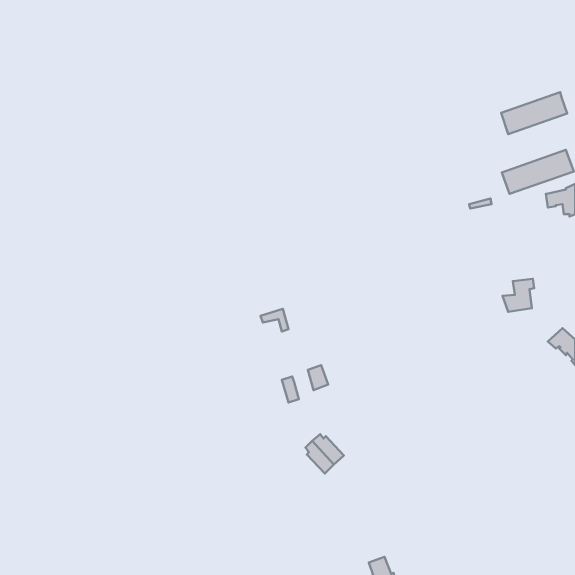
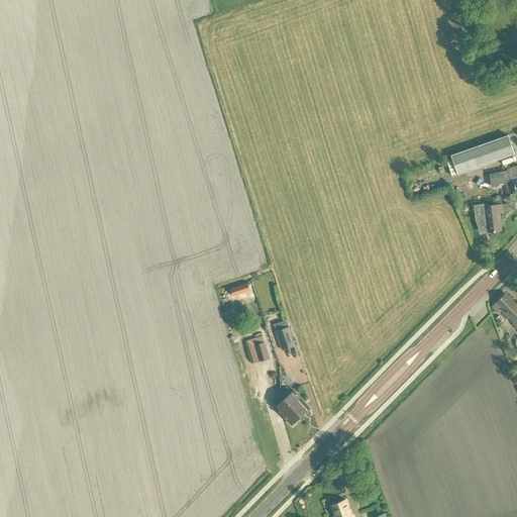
building: [501,92,567,134] -> none
building: [503,279,534,312] -> [474,205,502,234]

